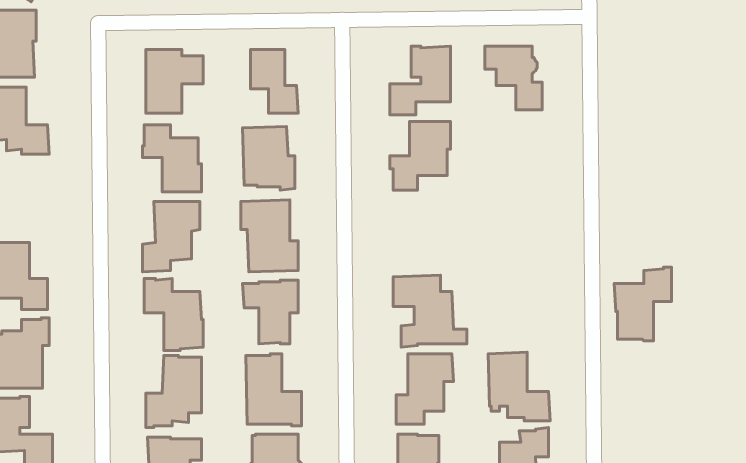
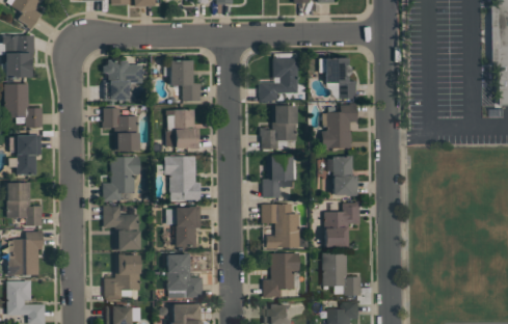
building: none -> [323,104,357,149]
building: none -> [18,135,42,176]
building: none -> [263,155,296,198]
building: none -> [333,156,358,196]
building: [614,267,672,341] -> [324,201,360,248]

